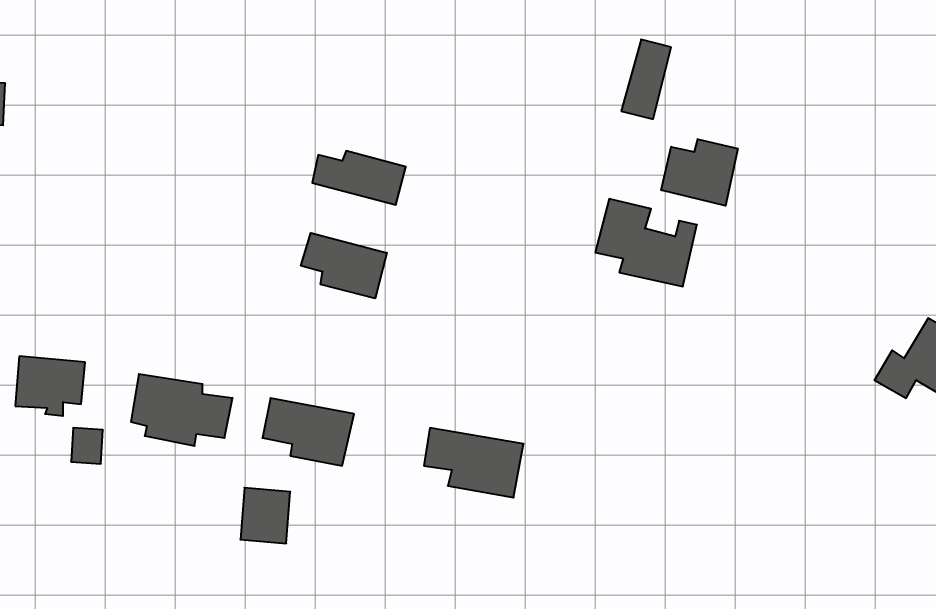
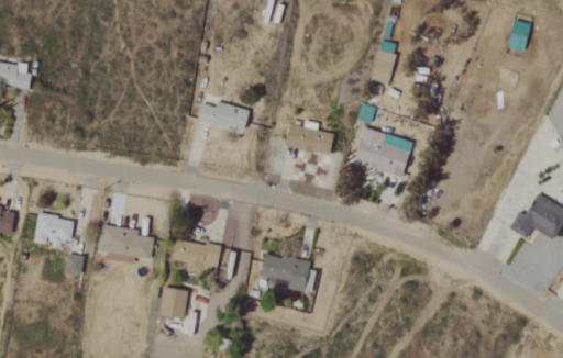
building: [661,139,738,206] -> none
building: none -> [286,124,334,153]
building: [301,233,387,298] -> none

